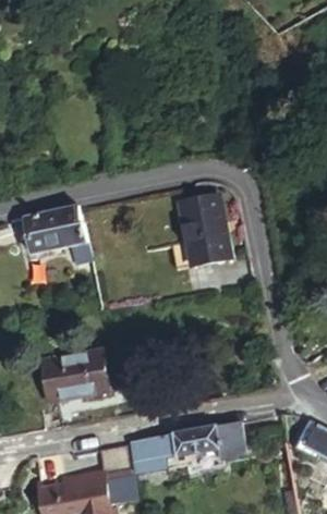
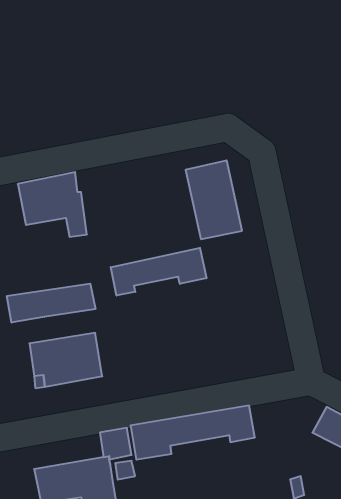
building: none -> [111,248,206,296]
building: none -> [7,284,95,323]

